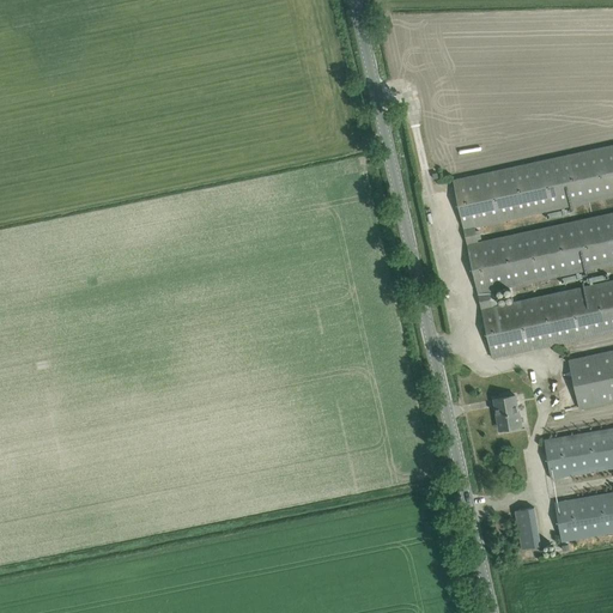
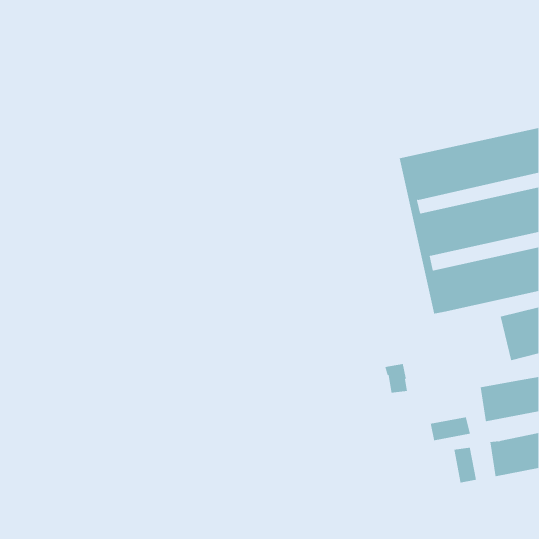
building: [493,395,520,429] -> [385,364,408,393]
building: none -> [430,417,471,441]

